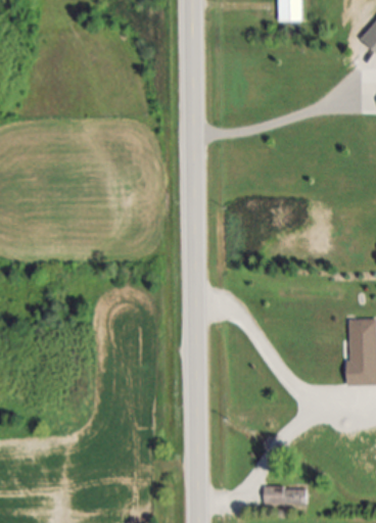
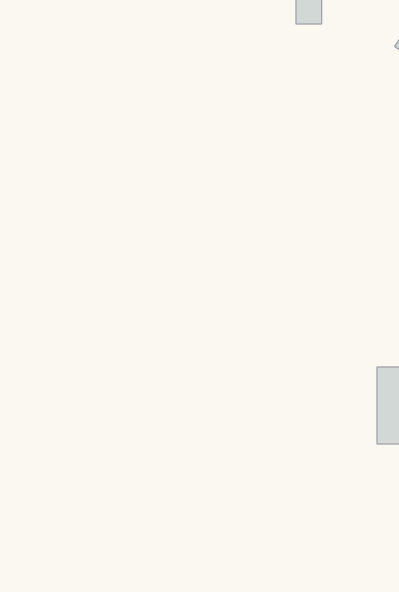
building: [263,487,303,504] -> none

